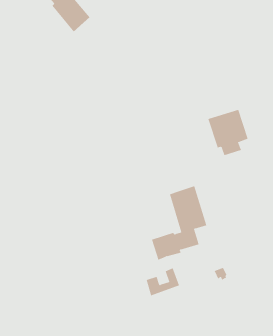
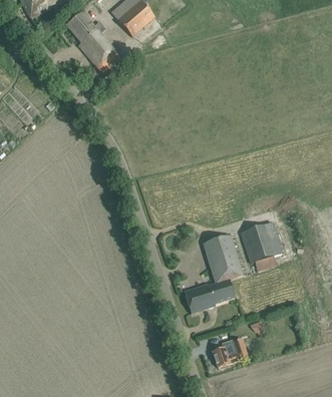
building: [208,109,248,156] -> [240,222,283,271]
building: [146,267,180,296] -> [212,337,248,367]

